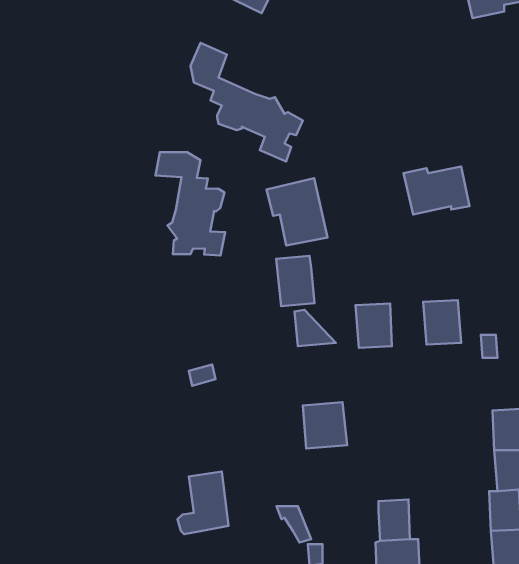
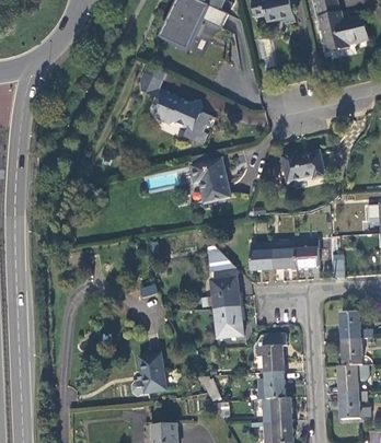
building: [155,152,225,256] -> none
building: [276,256,315,306] -> none
building: none -> [273,240,297,269]
building: none -> [211,277,241,308]
building: none -> [255,334,287,372]

